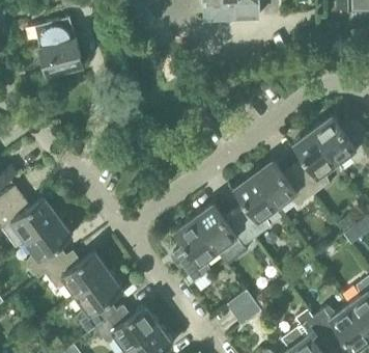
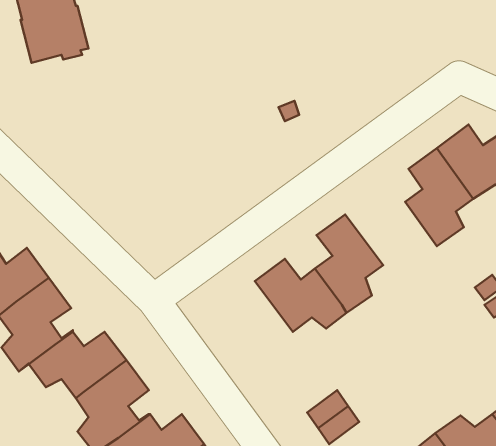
building: [252,160,312,209] -> none
building: [173,219,218,283] -> none

